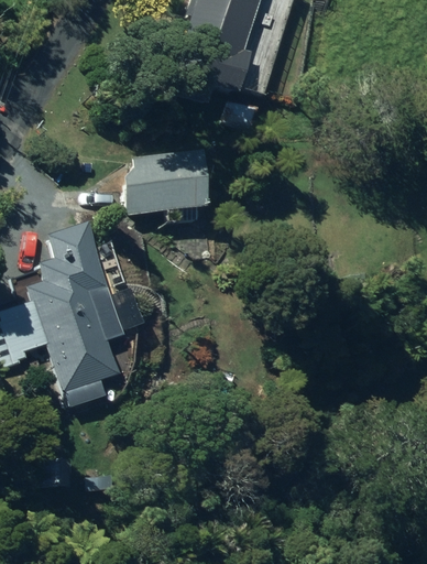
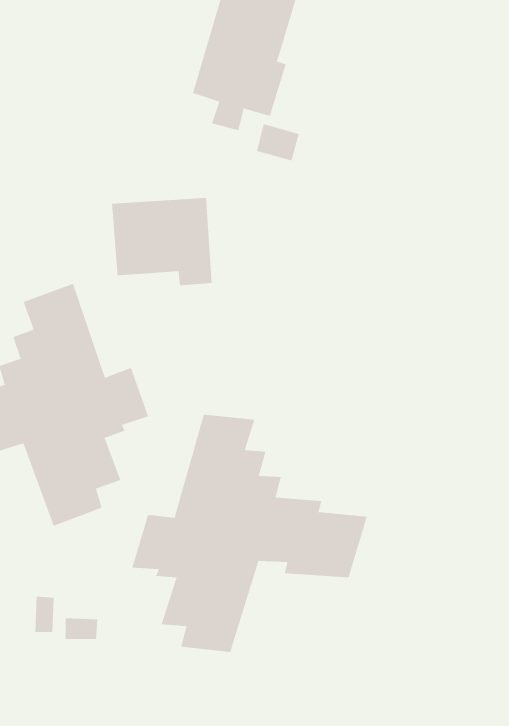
building: none -> [132,414,368,653]

